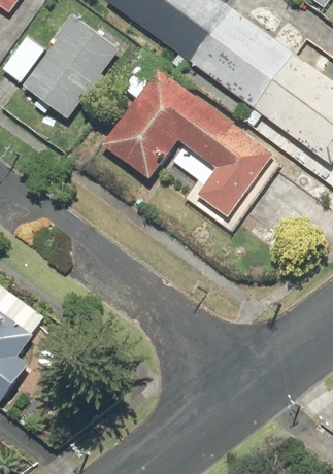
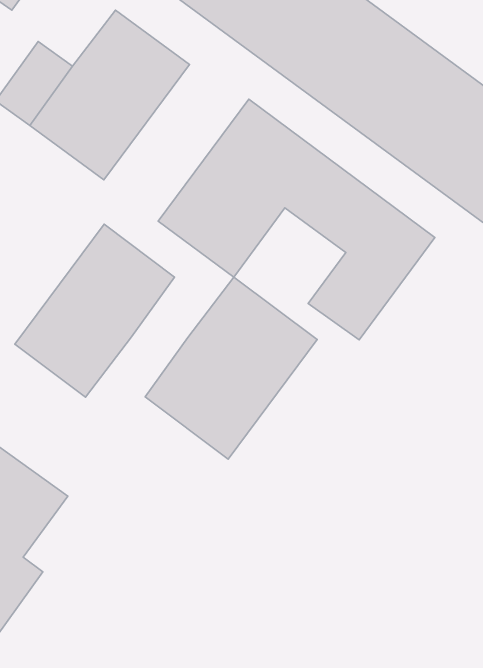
building: none -> [15,224,175,397]
building: none -> [145,277,317,459]

